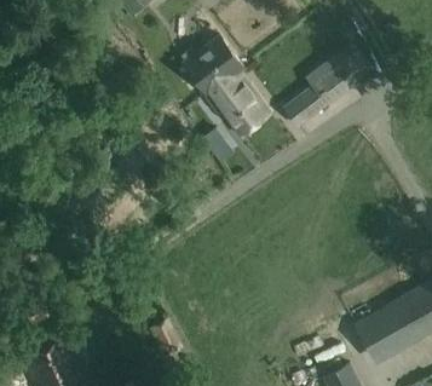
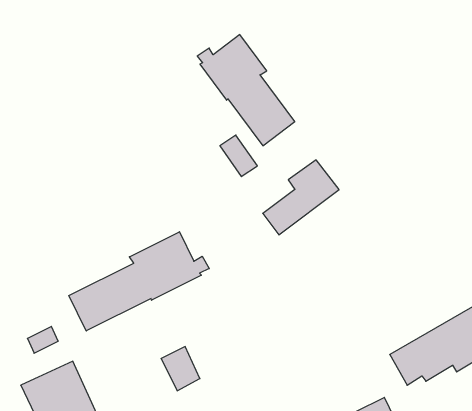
building: [282,61,351,128] -> [263,160,339,235]
building: none -> [69,232,209,331]

